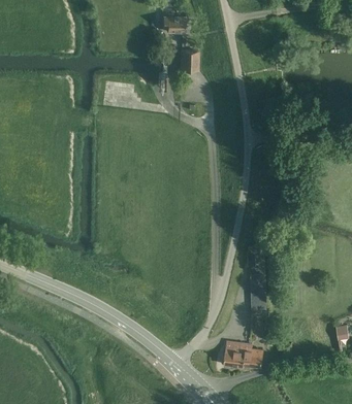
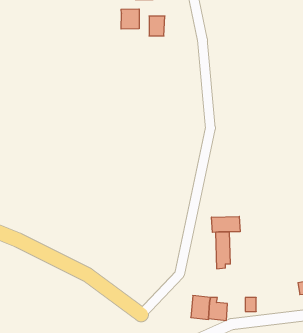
building: none -> [121,9,139,29]
building: none -> [212,216,240,232]

